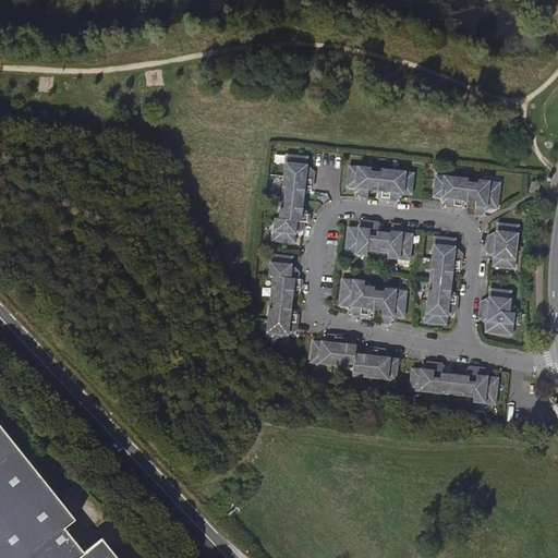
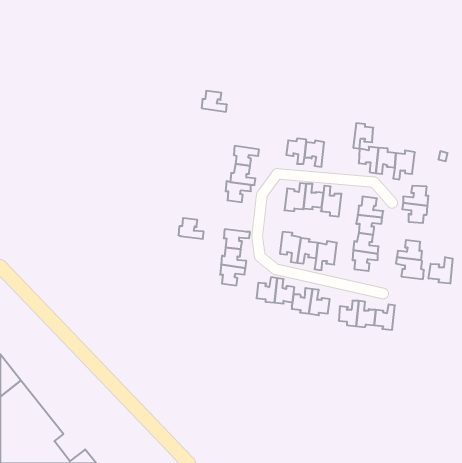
building: [283,155,314,180] -> [202,91,227,112]
building: [388,171,412,202] -> [353,123,373,149]
building: [268,254,299,279] -> [178,218,204,239]
building: none -> [429,257,452,284]
building: [472,367,497,404] -> none

